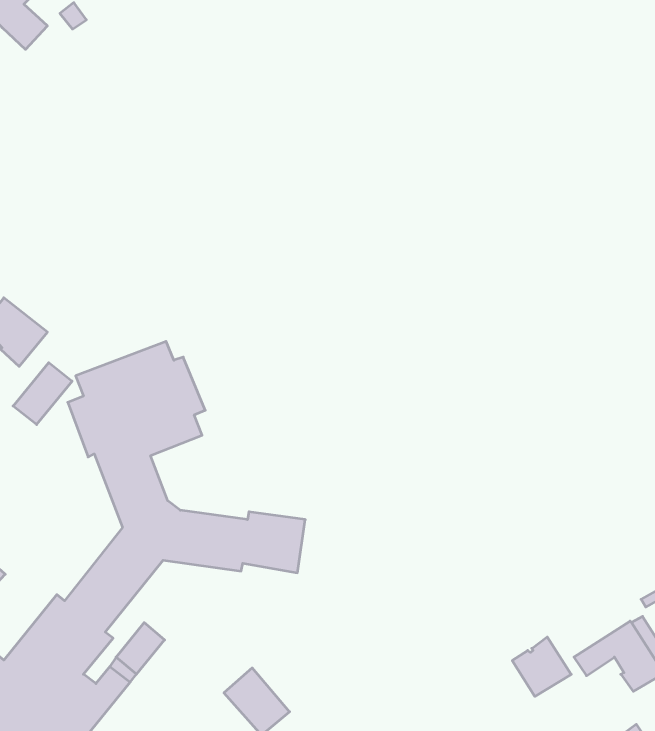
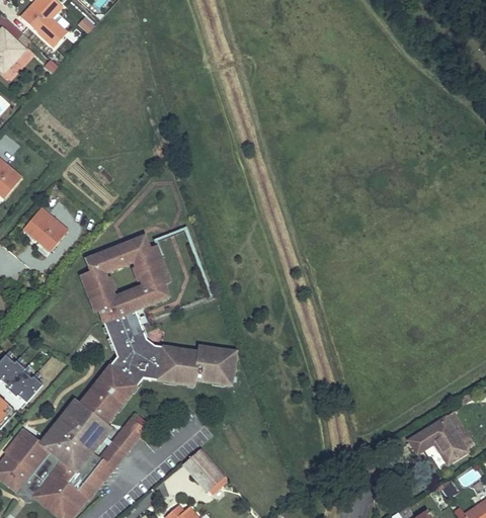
building: [13,363,72,425] -> none
building: [512,637,571,696] -> none

